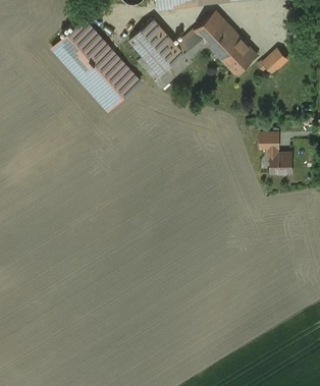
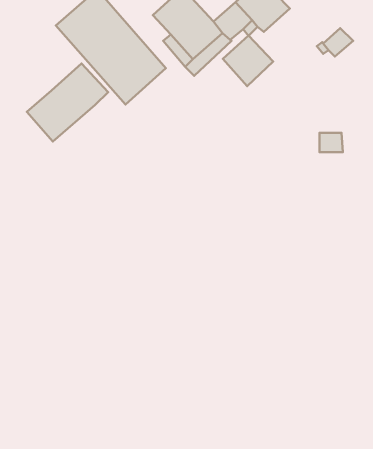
building: [216,34,256,73] -> [223,36,273,86]
building: none -> [27,64,108,142]
building: [268,147,290,171] -> none

